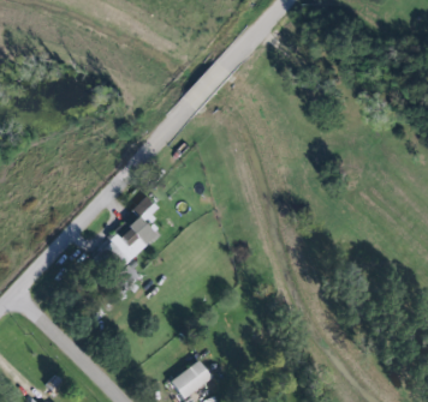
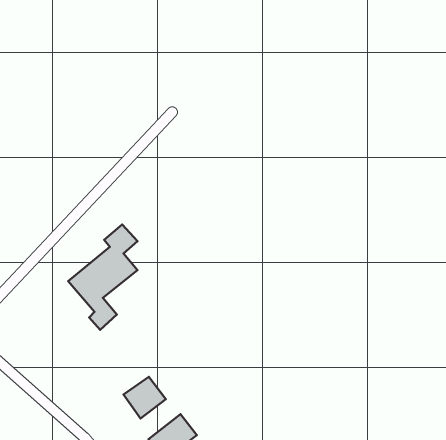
building: none -> [123,377,166,418]

